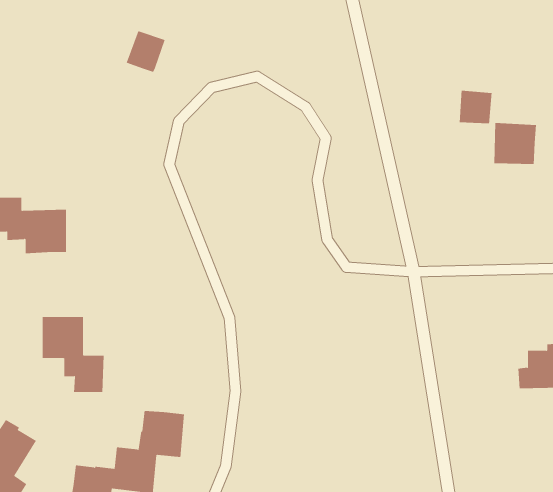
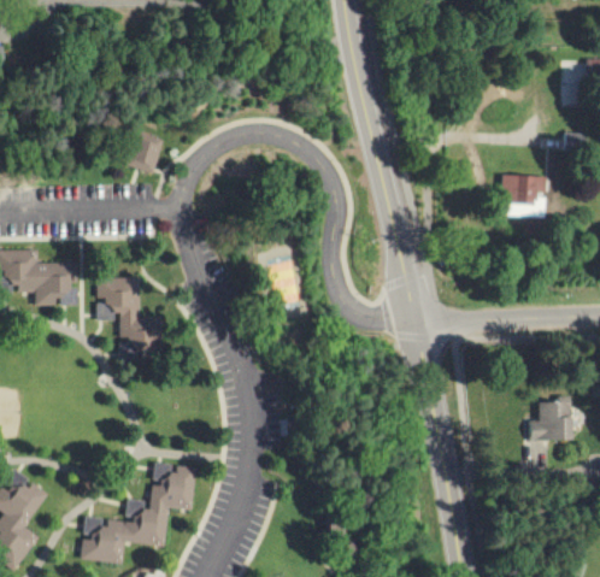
building: [126,30,166,73] -> [119,131,159,173]
building: [459,90,492,124] -> none
building: [42,316,104,392] -> [95,278,158,354]

